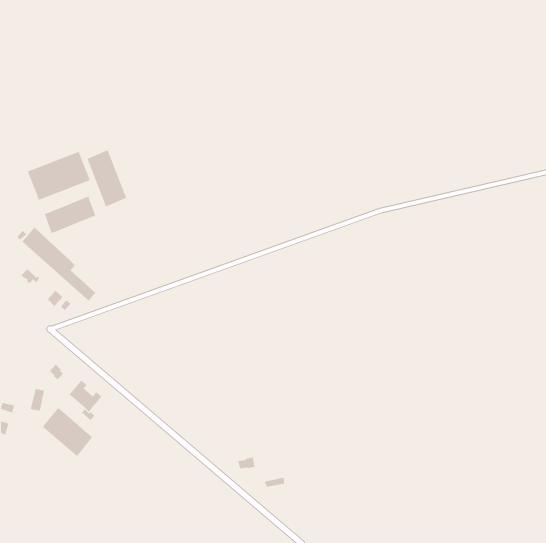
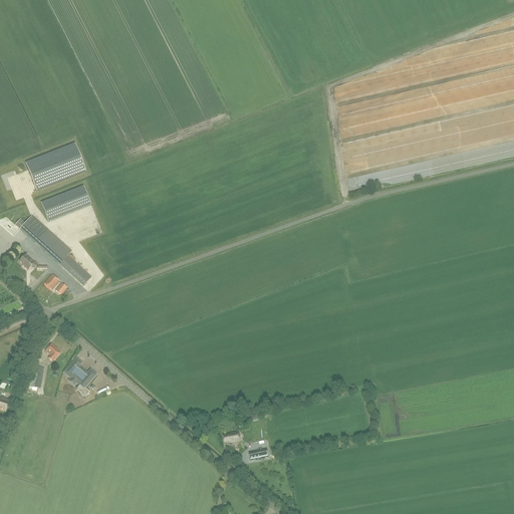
building: [87,149,127,208] -> none
building: [42,407,93,457] -> none

